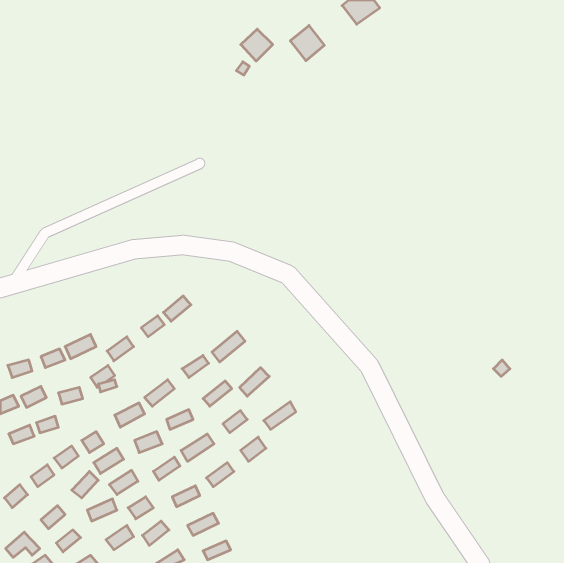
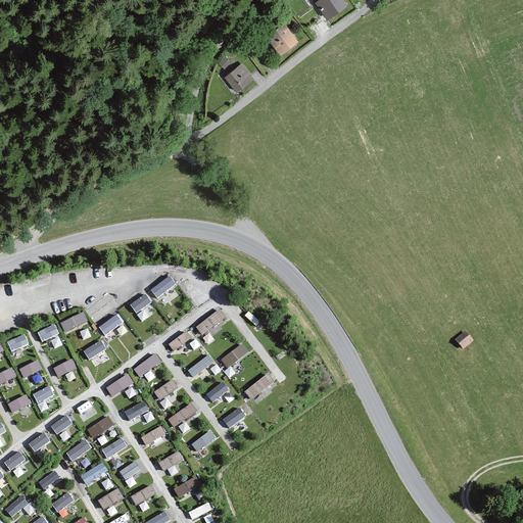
building: [241,29,273,61] -> [226,66,255,96]

